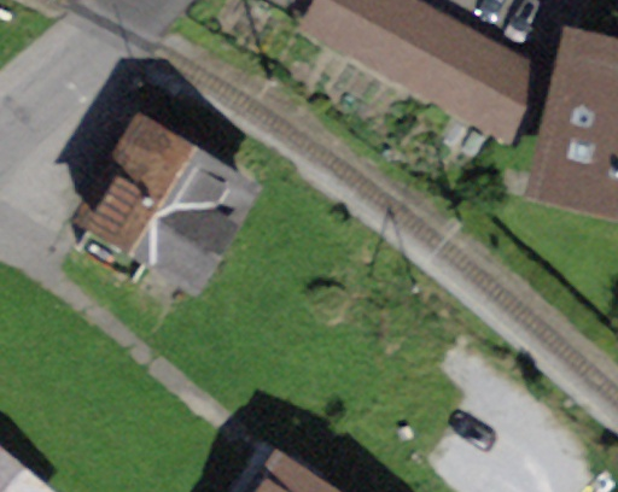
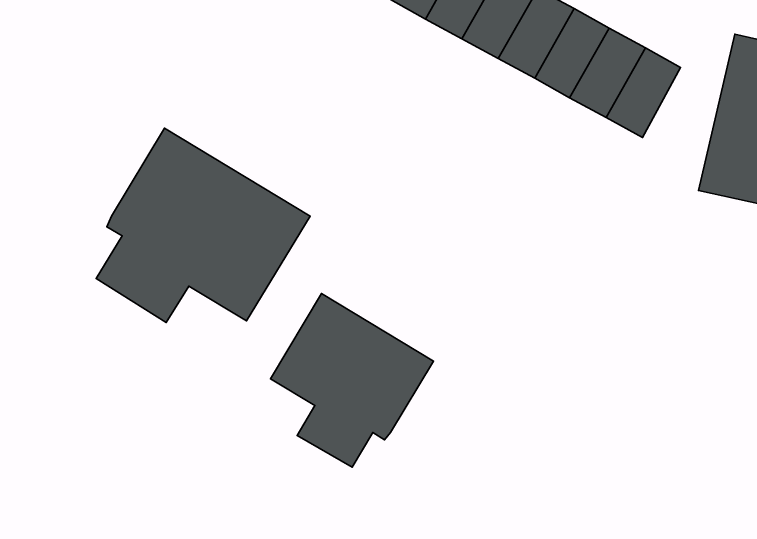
building: none -> [270,293,434,467]

